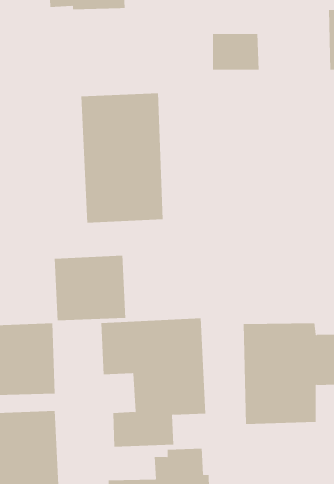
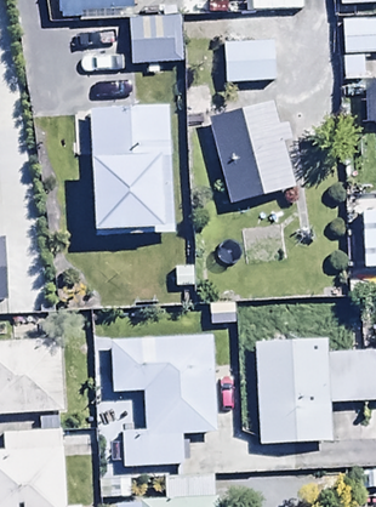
building: none -> [131,15,184,64]
building: none -> [210,99,298,203]
building: [54,255,126,321] -> none

